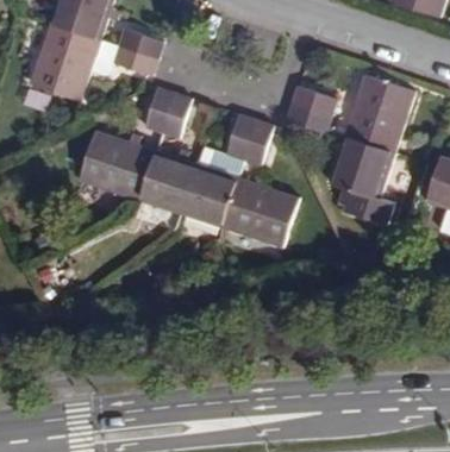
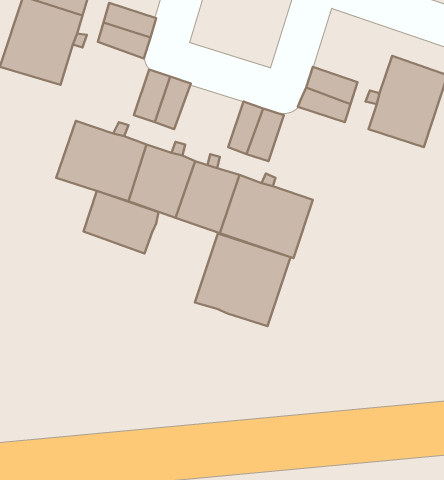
building: [330,138,393,224] -> none
building: none -> [83,191,159,253]
building: none -> [195,233,291,326]

